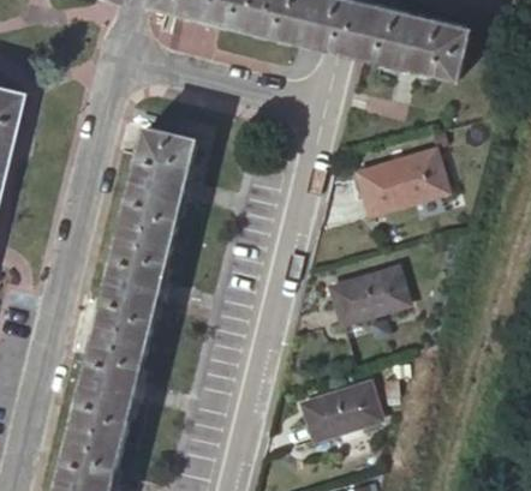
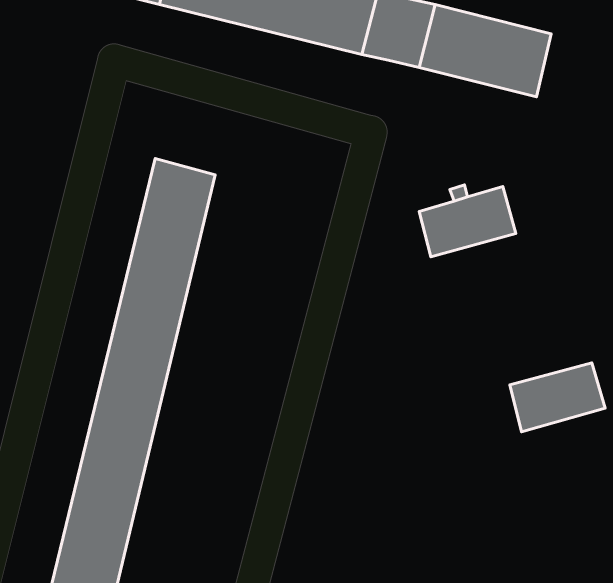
building: [330,267,408,323] -> [510,363,605,432]
building: [300,384,378,441] -> none

